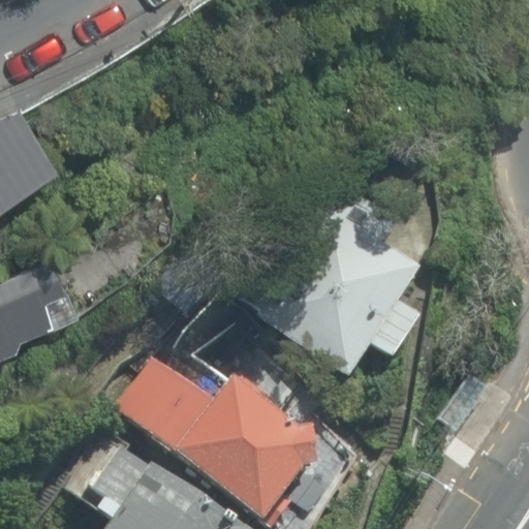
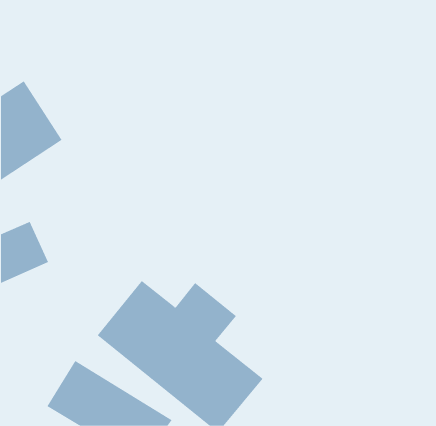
building: [253,210,446,379] -> none

